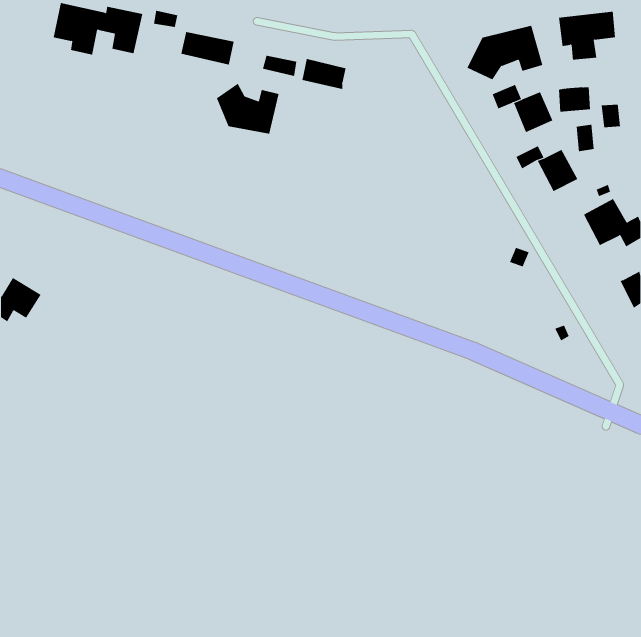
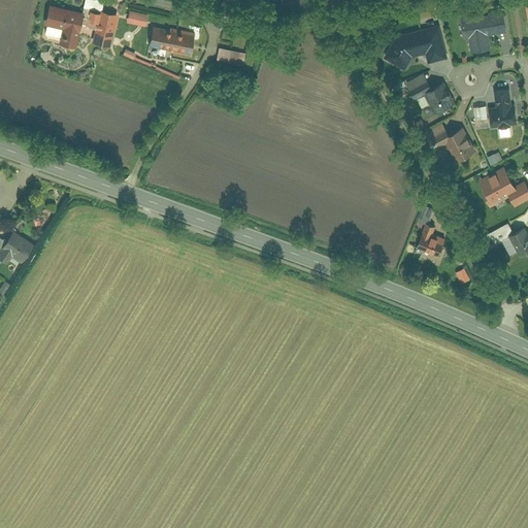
building: [302,58,346,90] -> none
building: [216,83,279,135] -> none
building: [558,87,591,112] -> [490,107,517,128]
building: none -> [417,224,442,257]
building: none -> [484,224,518,255]

